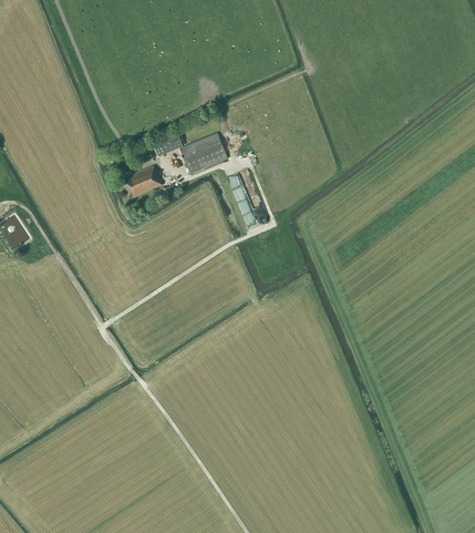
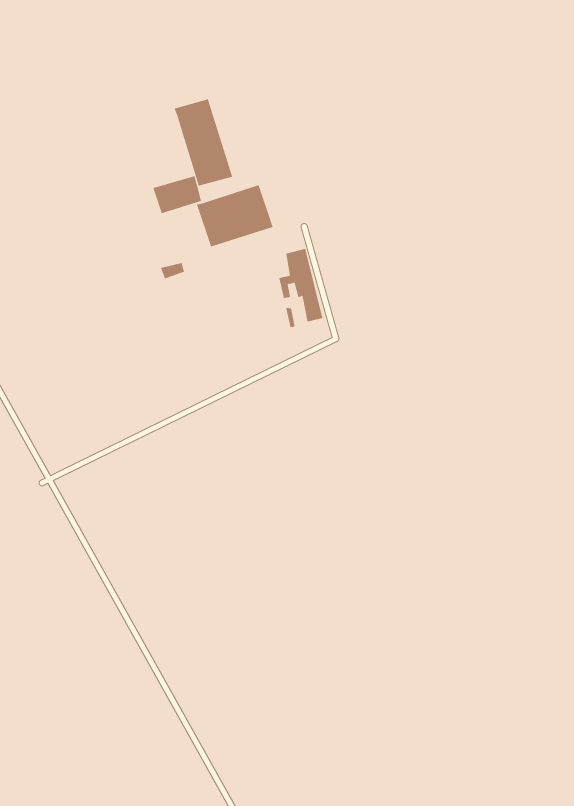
building: none -> [174,99,233,187]
building: [122,166,163,198] -> none

